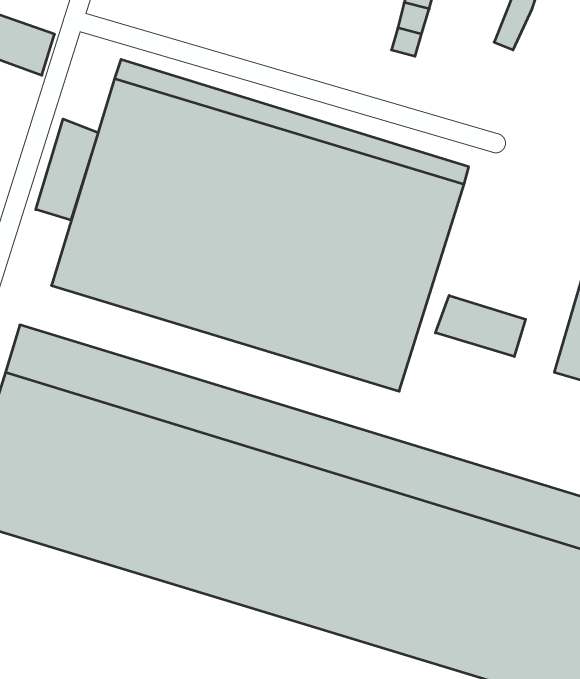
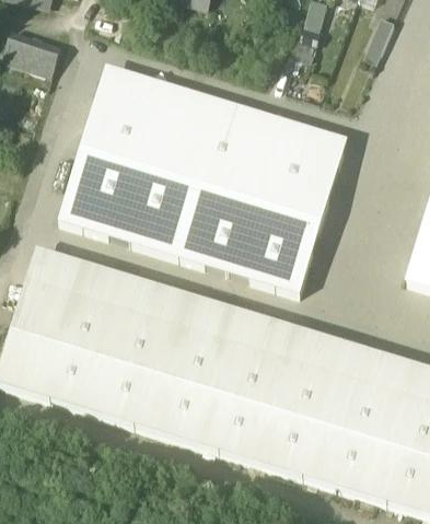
building: [36,119,98,220] -> none
building: [435,295,526,357] -> none

